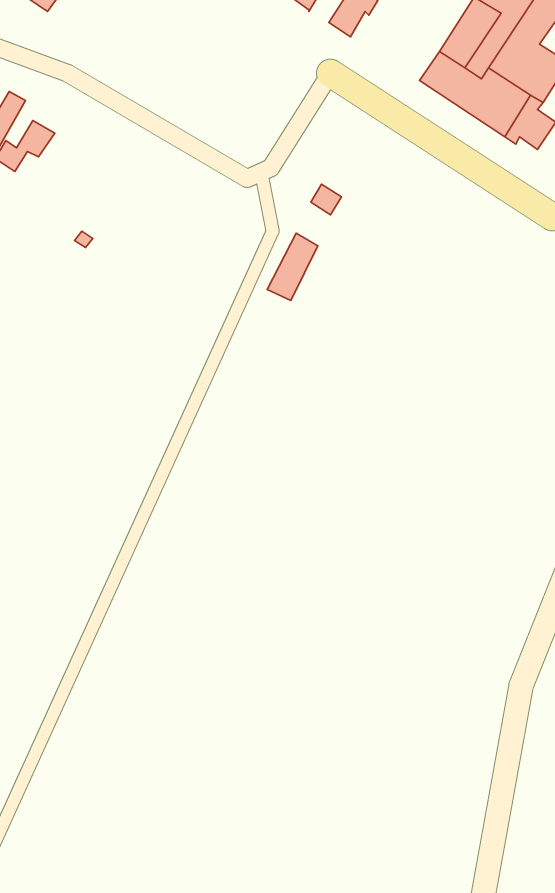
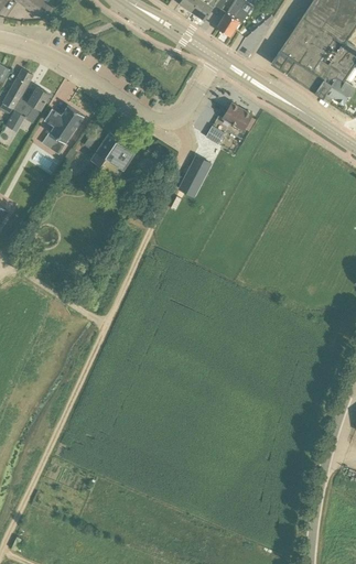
building: none -> [223,101,252,129]
building: none -> [44,104,85,142]
building: none -> [93,131,134,178]

